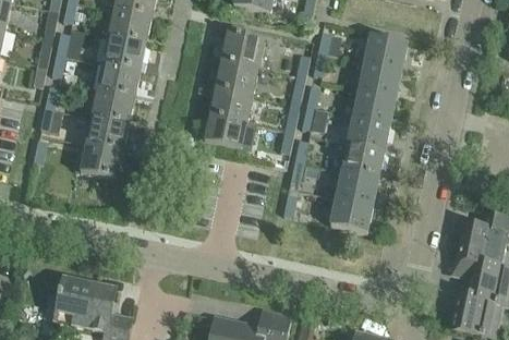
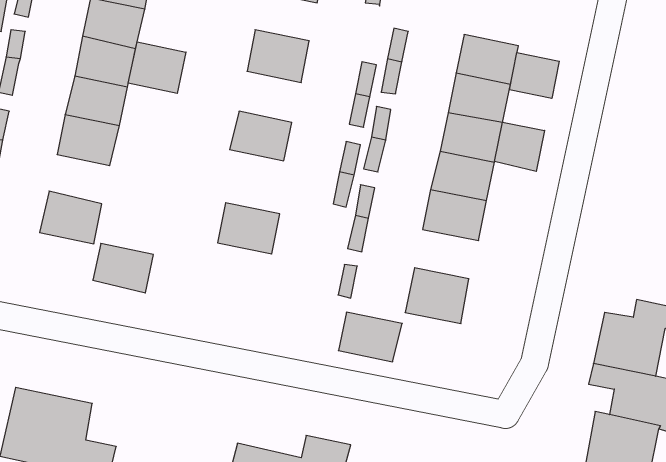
building: none -> [128,42,186,93]
building: none -> [509,53,559,98]
building: [216,60,258,95] -> none
building: none -> [495,122,545,171]
building: [204,113,246,148] -> [218,203,280,254]
building: [86,117,128,150] -> [93,243,153,293]
building: [336,168,379,202] -> [338,312,402,362]

